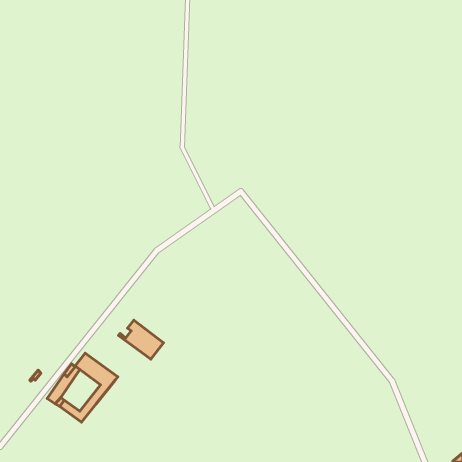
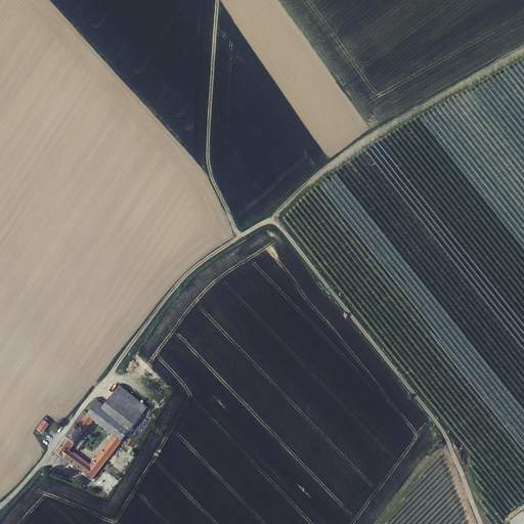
building: [118,320,164,359] -> [97,381,148,425]

